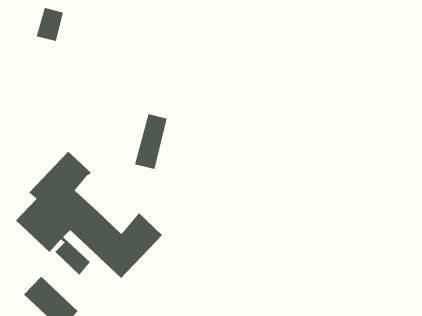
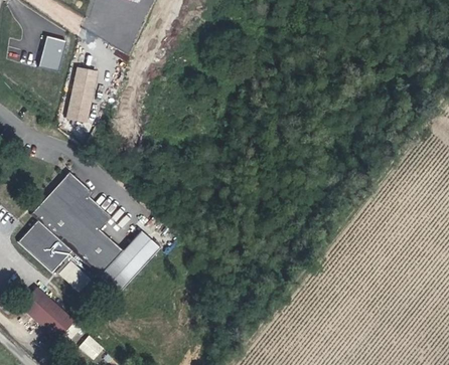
building: [134,113,167,170] -> [65,62,98,117]
building: none -> [77,194,112,228]

